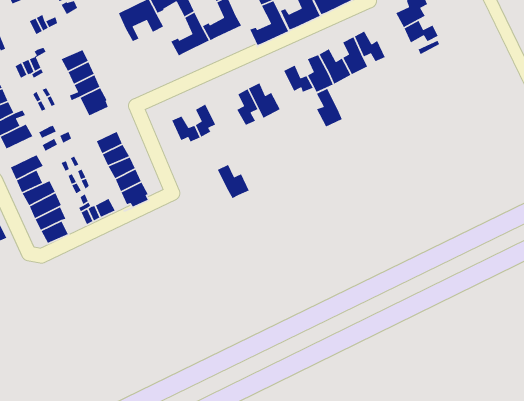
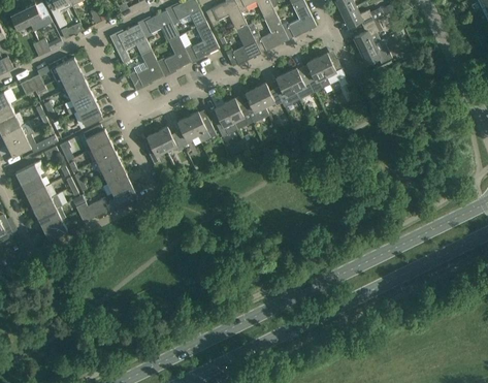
building: none -> [128,50,164,89]
building: none -> [47,57,79,81]
building: [316,88,343,128] -> [245,88,268,123]
building: none -> [83,125,109,152]
building: none -> [144,131,165,165]
building: [217,164,250,199] -> [187,111,216,142]

